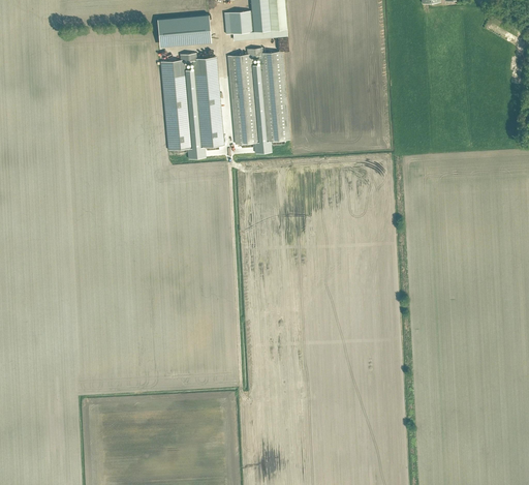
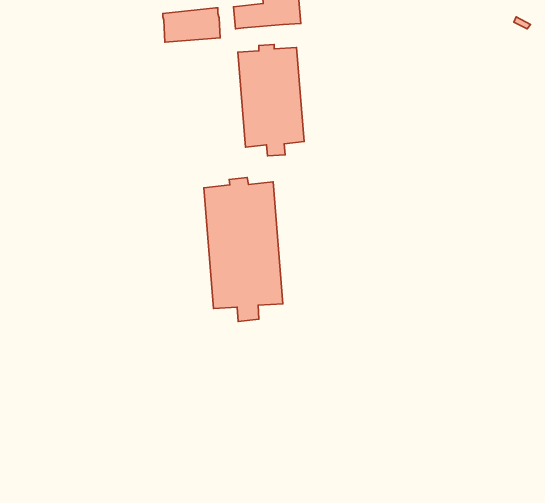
building: [160,54,222,159] -> none
building: none -> [204,178,283,321]

